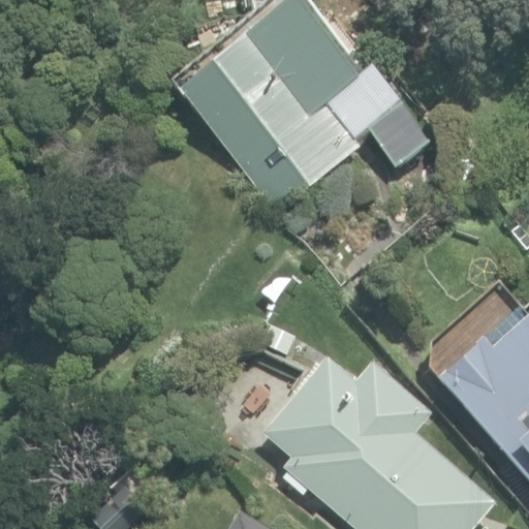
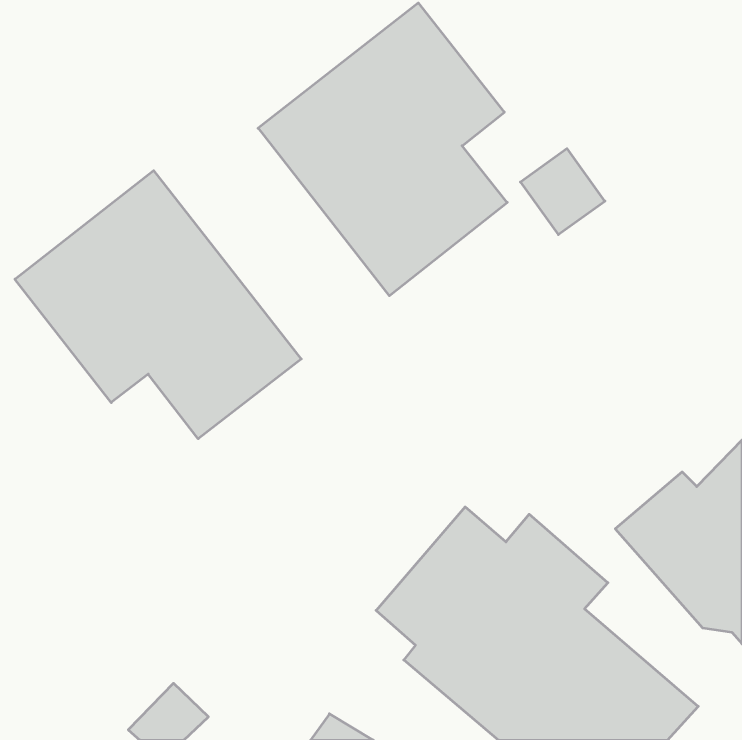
building: none -> [15,171,301,439]

